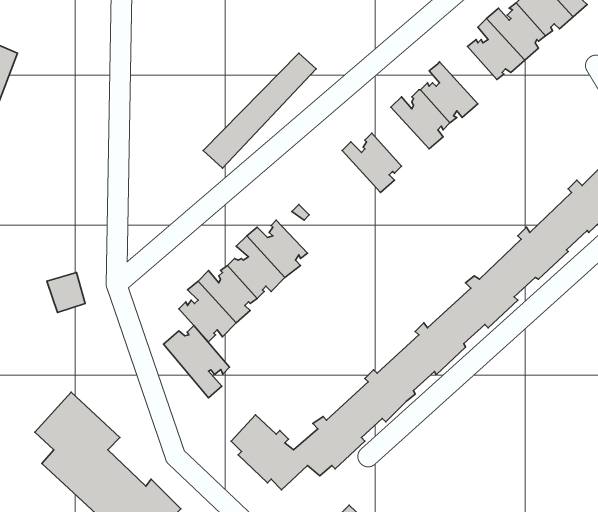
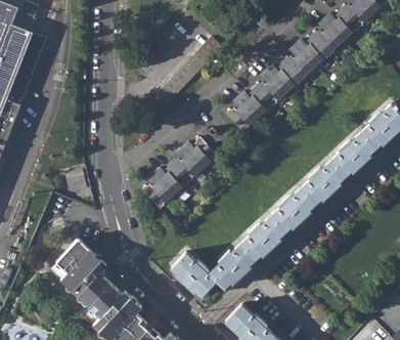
building: none -> [295,35,328,69]
building: none -> [255,71,288,105]
building: none -> [225,96,260,132]
building: [164,325,229,398] -> none

